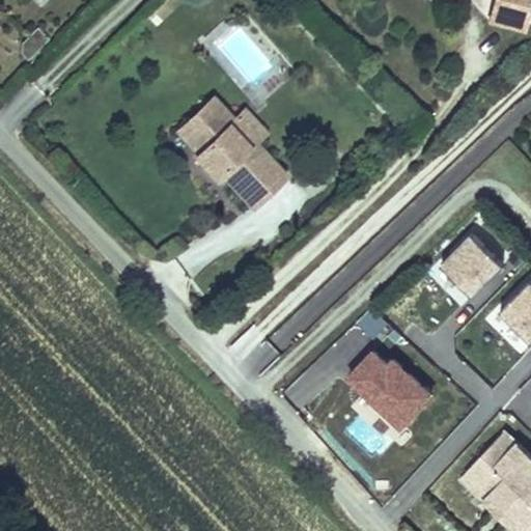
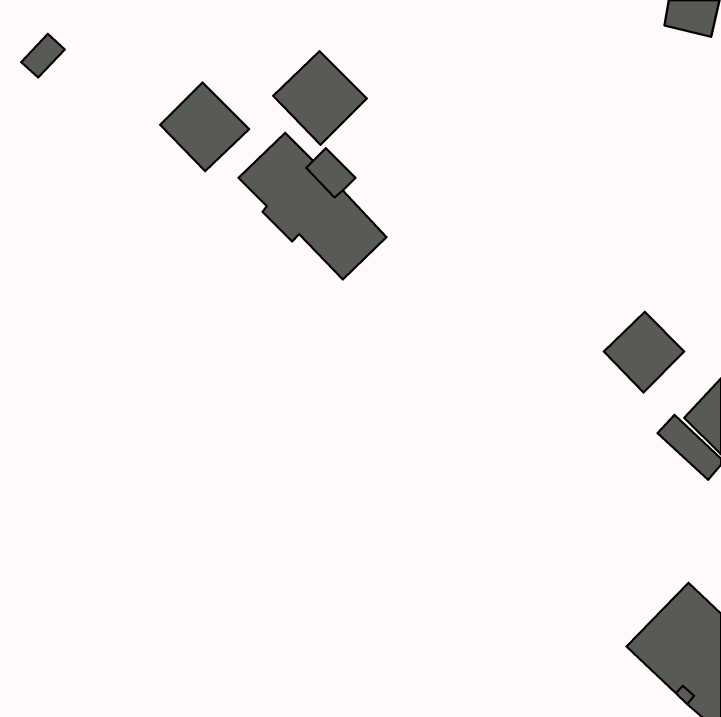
building: none -> [273,51,367,145]
building: none -> [160,83,249,171]
building: [350,346,436,425] -> none

